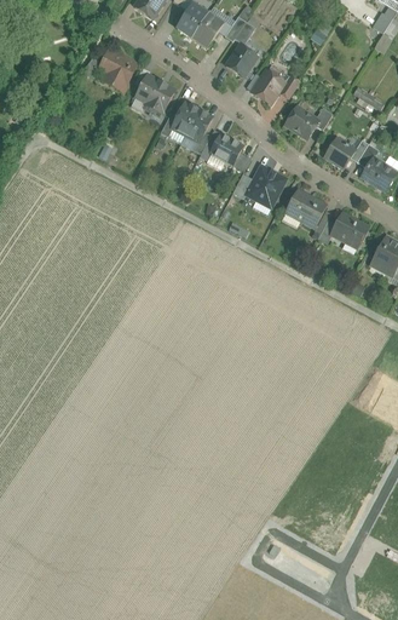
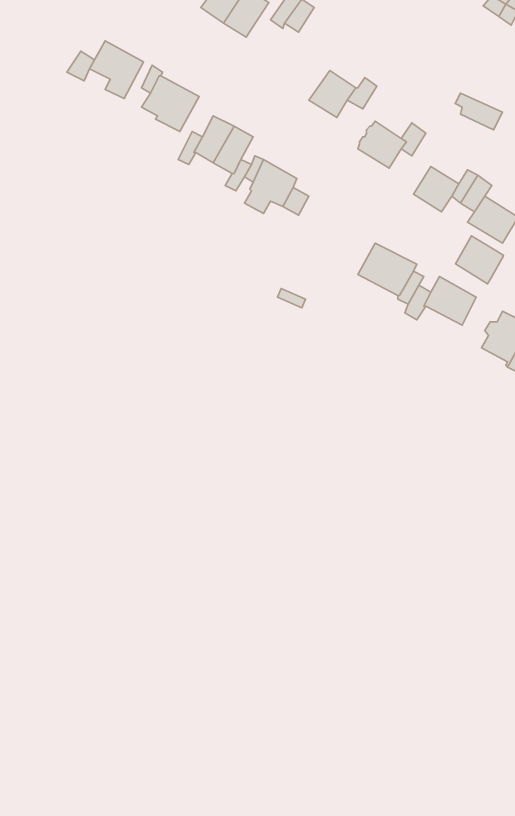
building: [225,44,256,76] -> none
building: [246,165,285,206] -> none
building: none -> [456,236,503,284]

